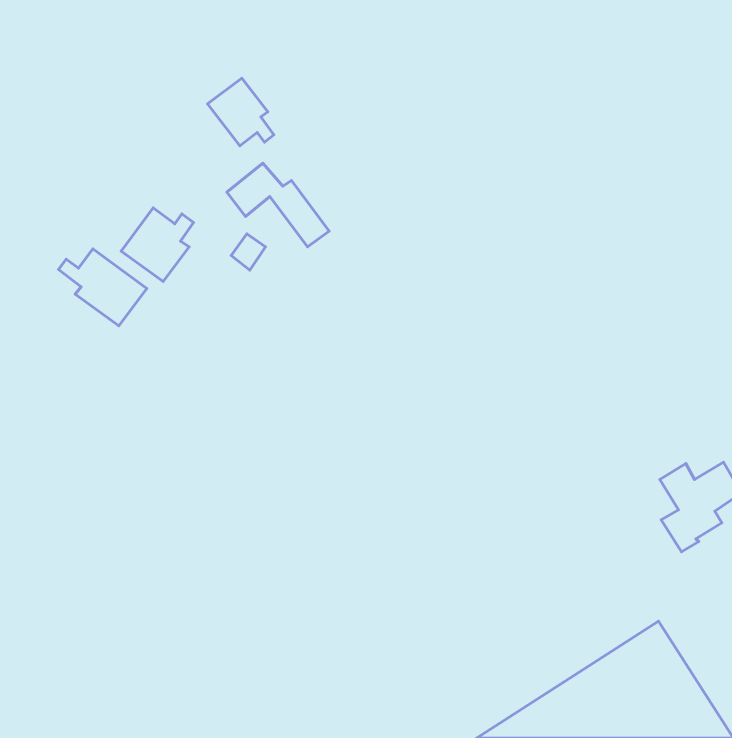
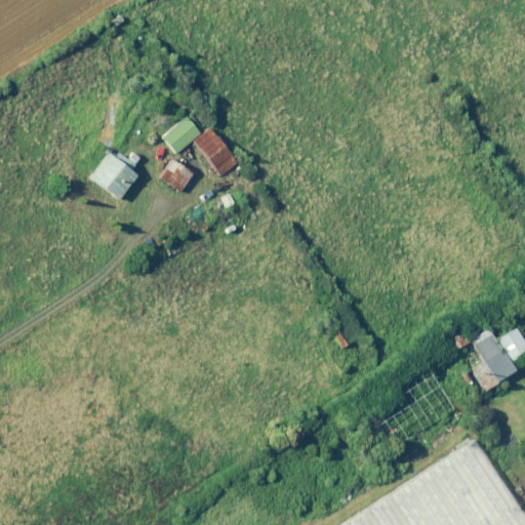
building: [208,78,274,146] -> none
building: [59,249,147,326] -> none

